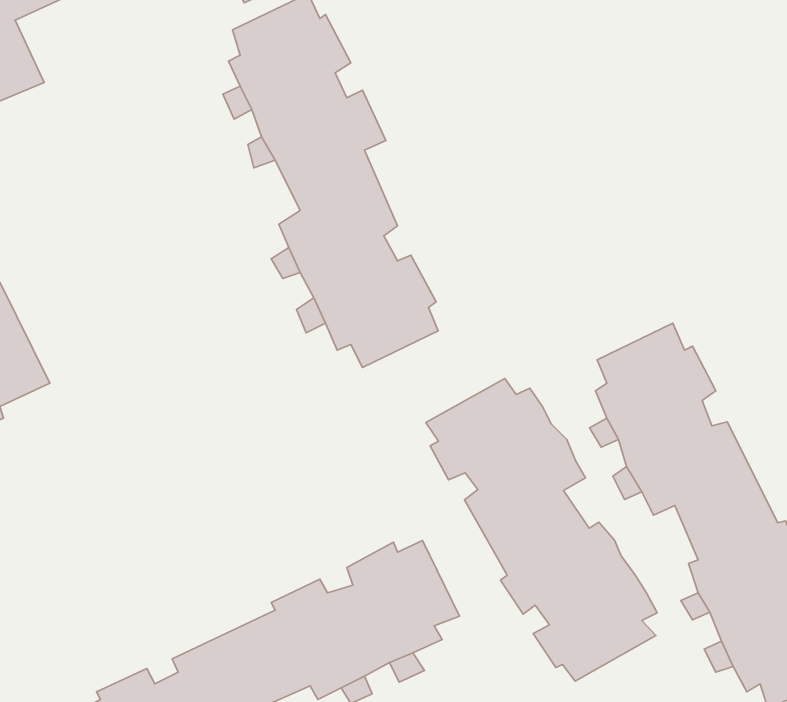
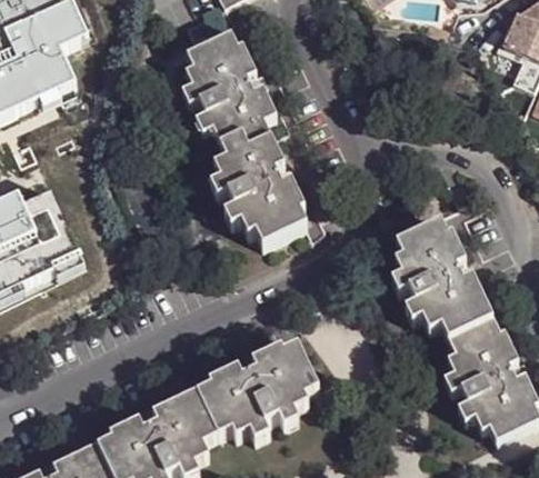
building: [426,378,657,681] -> none

